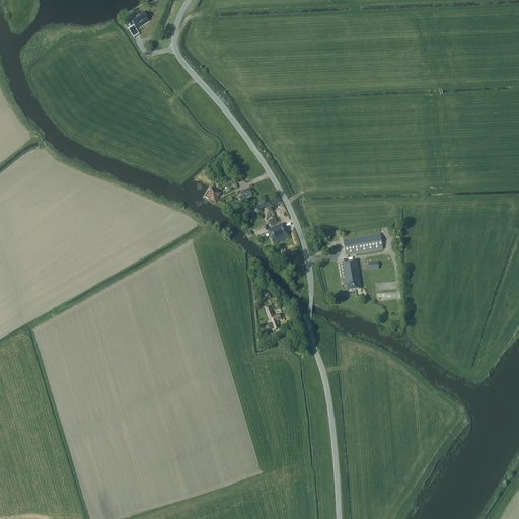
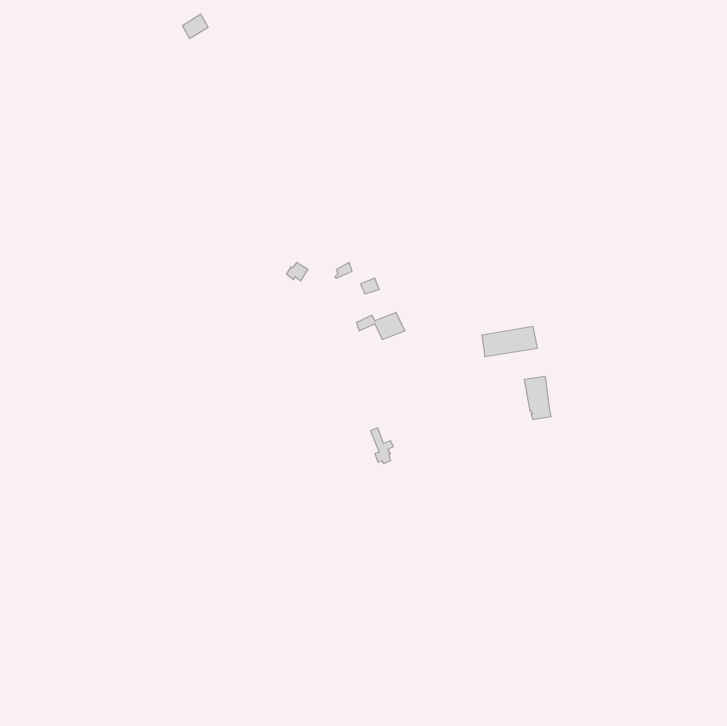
building: [341,258,360,289] -> [524,377,551,419]

